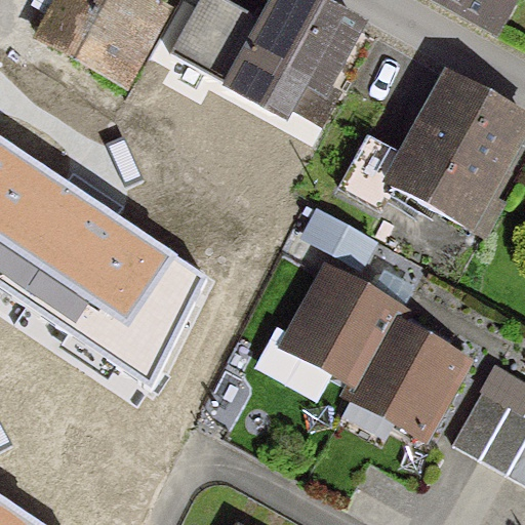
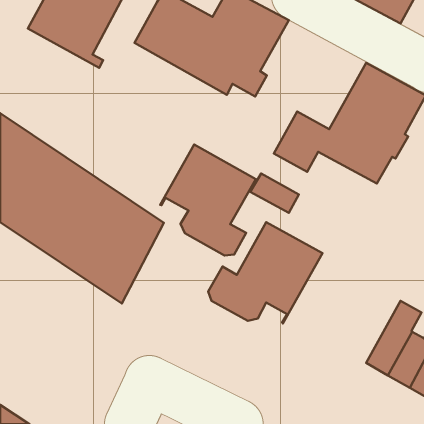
building: none -> [160,144,256,255]
building: [352,310,463,435] -> none

